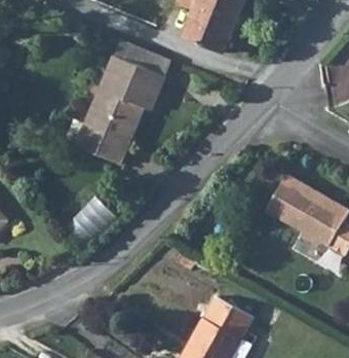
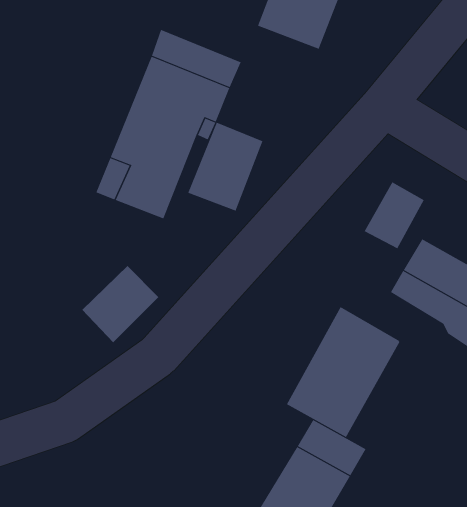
building: none -> [187,122,263,211]
building: none -> [364,181,424,249]
building: none -> [286,306,400,438]

